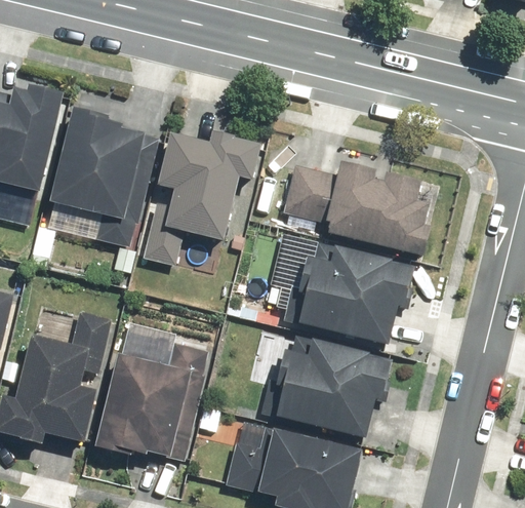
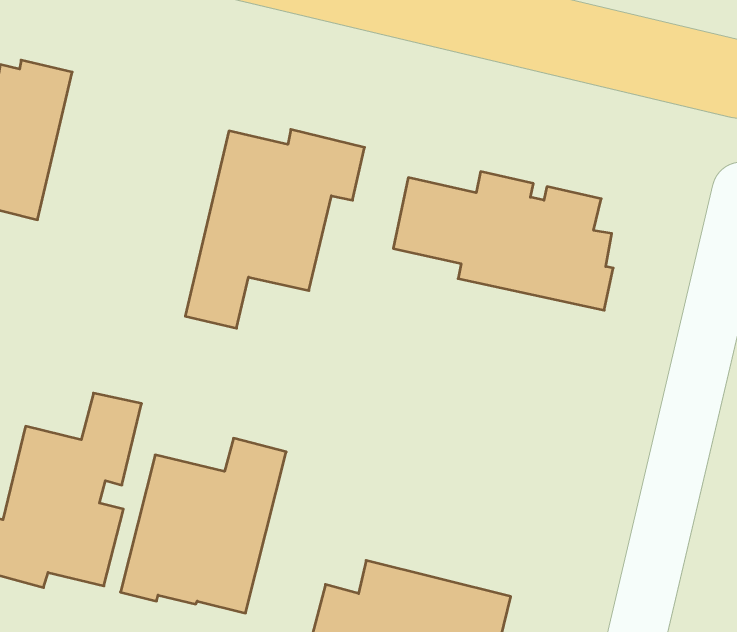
building: [49,107,158,247] -> none
building: [282,238,415,344] -> none
building: [258,337,393,436] -> none

